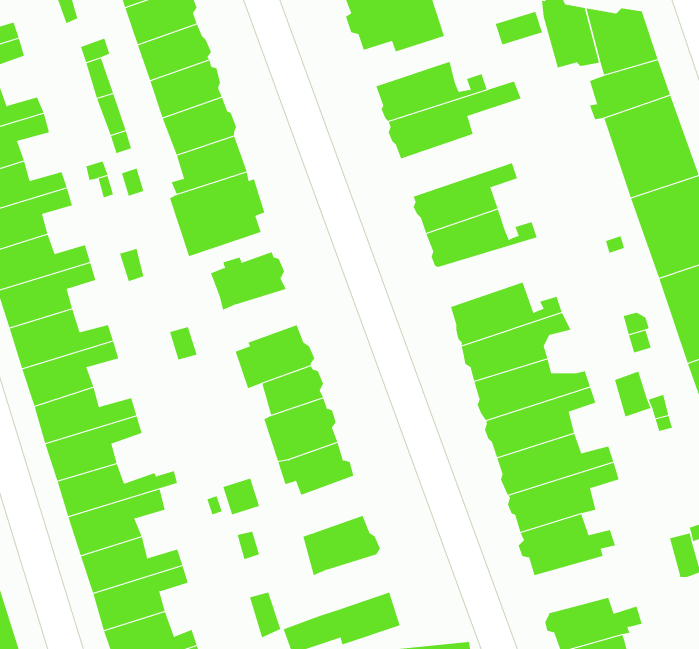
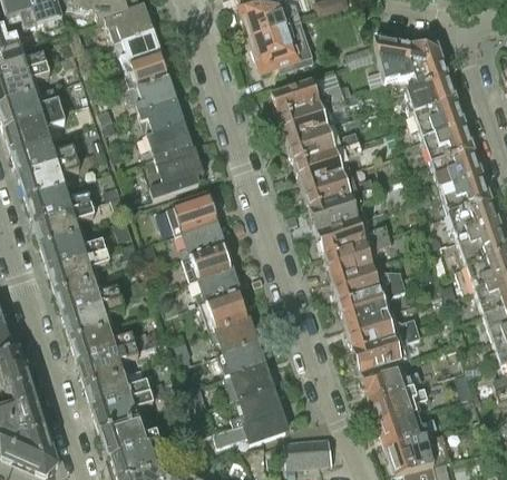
building: none -> [286,123,357,161]
building: none -> [310,187,376,231]
building: none -> [183,219,222,253]
building: none -> [217,336,263,374]
building: none -> [232,385,280,424]
building: none -> [370,386,428,422]

